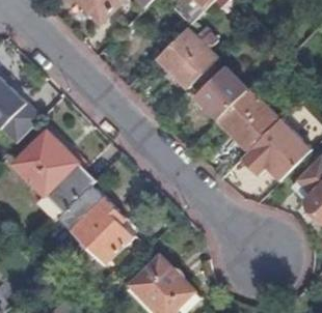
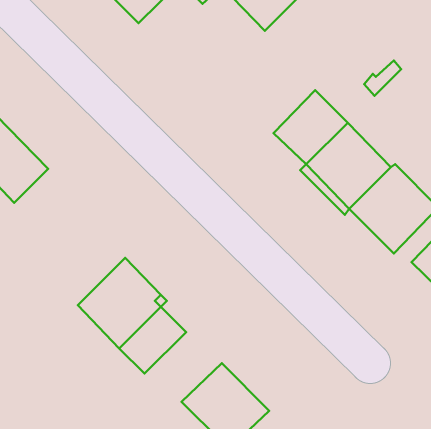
building: [156,28,216,88] -> none
building: [12,131,89,217] -> none

